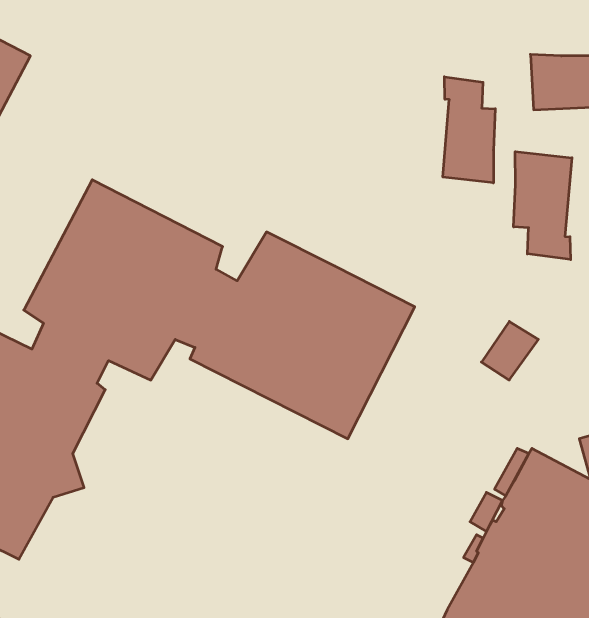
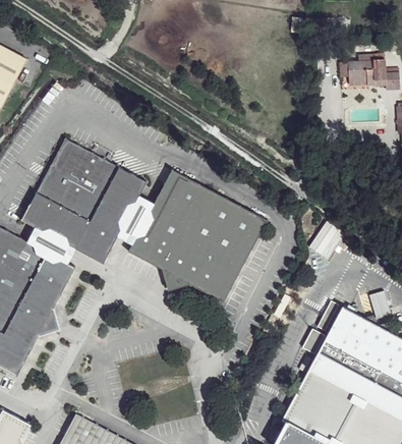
building: [443,77,495,183] -> none
building: [514,152,572,260] -> none

